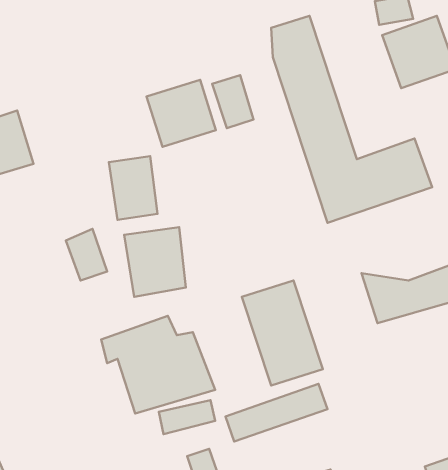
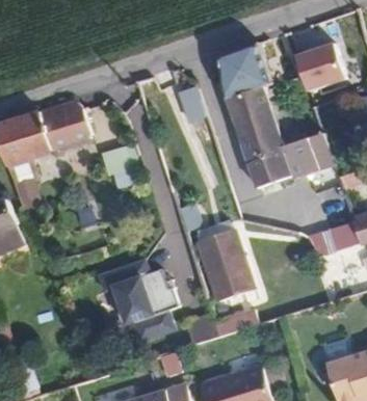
building: [146,80,216,147] -> none
building: none -> [38,99,90,150]
building: [124,227,186,297] -> none

